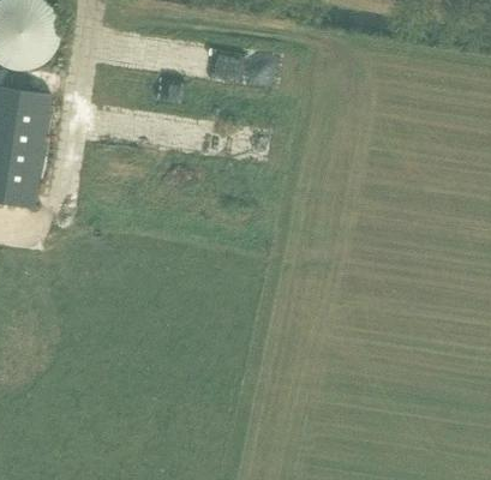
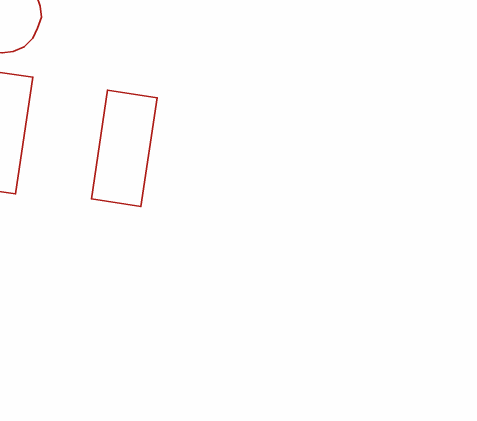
building: none -> [91,90,157,206]

